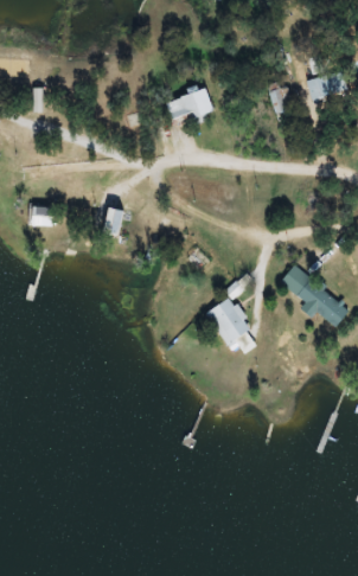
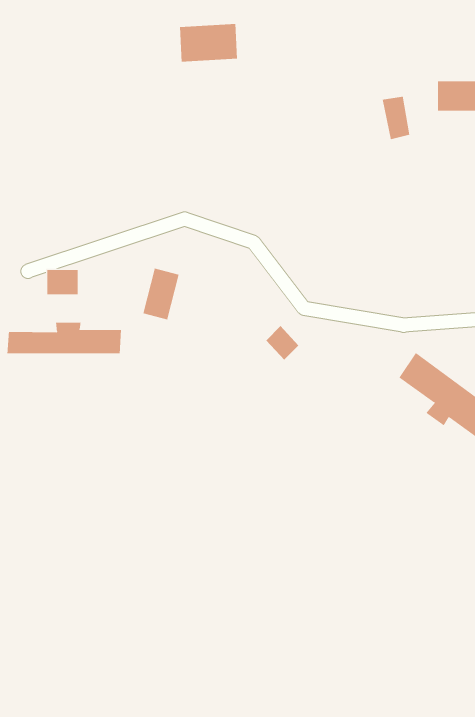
building: [171,94,212,121] -> [179,24,238,62]
building: none -> [7,322,121,354]
building: [205,296,254,348] -> none

